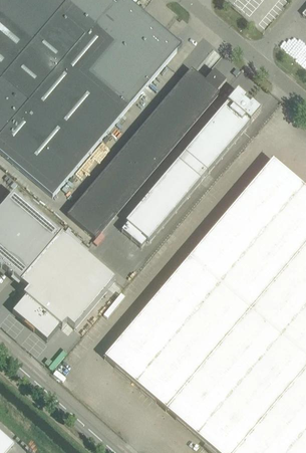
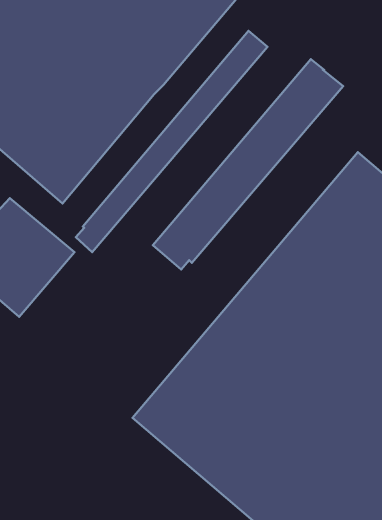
building: [74,67,226,243] -> none
building: [12,231,114,338] -> none

